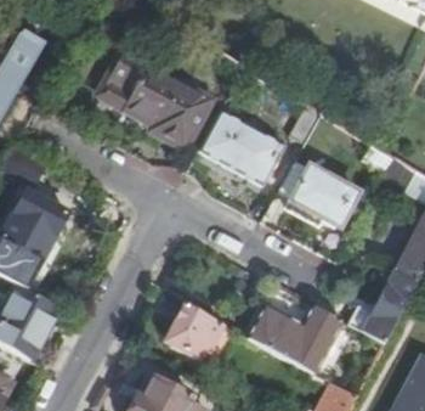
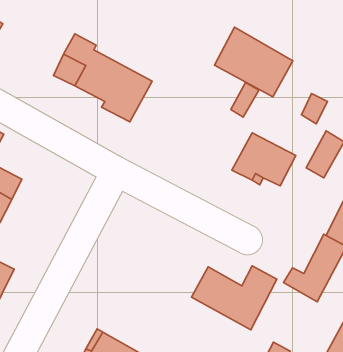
building: [199,109,284,185] -> [214,27,293,97]
building: [164,304,221,357] -> none

